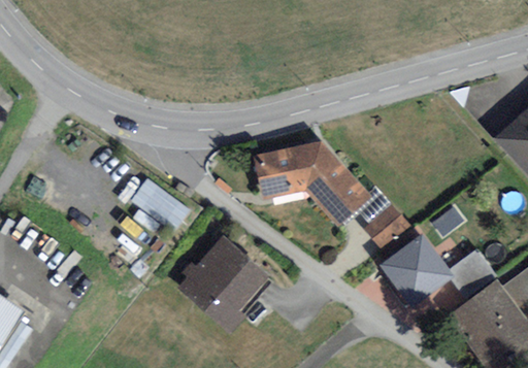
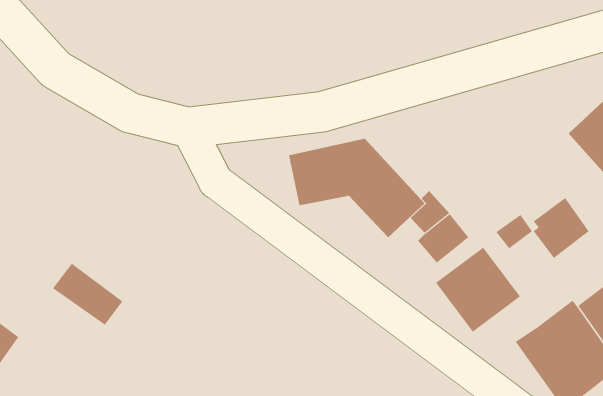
building: [130,178,191,232] -> [52,263,123,326]
building: [178,238,267,335] -> none
building: [449,250,497,303] -> [533,197,590,259]

